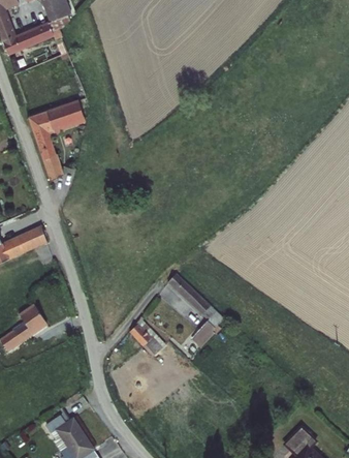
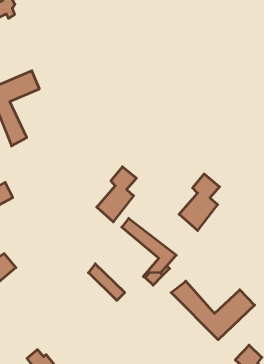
building: none -> [97,167,136,222]
building: none -> [179,174,220,231]
building: none -> [171,281,255,340]

